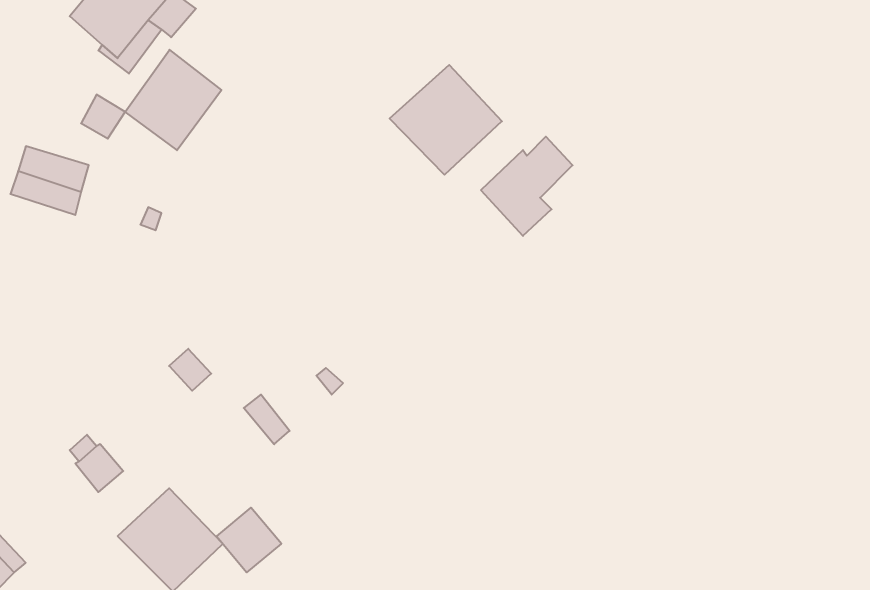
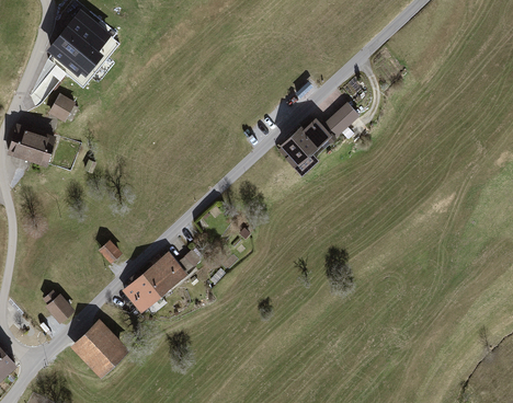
building: [125,50,221,150] -> none
building: [390,65,502,175] -> none
building: none -> [324,102,360,137]
building: none -> [152,253,185,287]
building: [216,508,281,572] -> [123,274,160,311]

